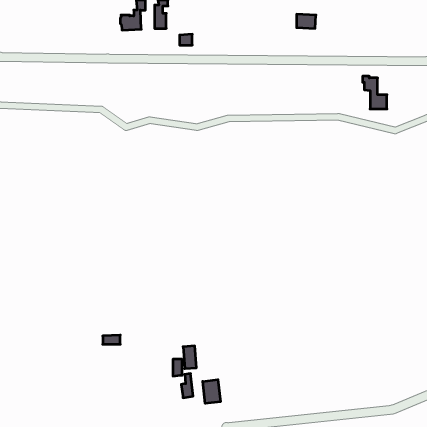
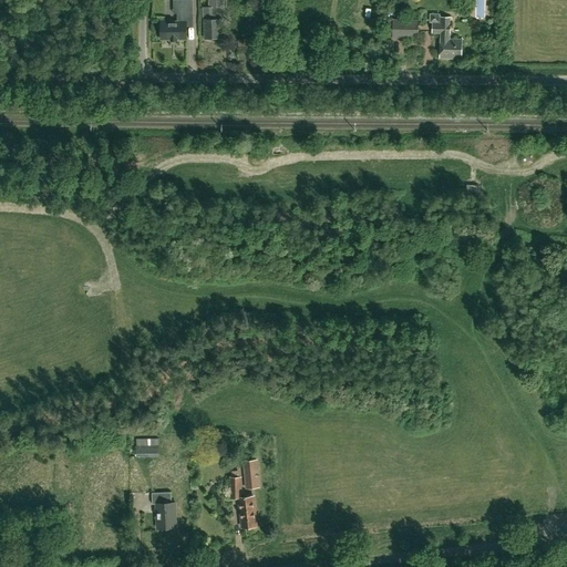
building: [363,76,387,109] -> [430,14,462,58]
building: none -> [152,492,176,528]
building: [203,380,220,403] -> none

